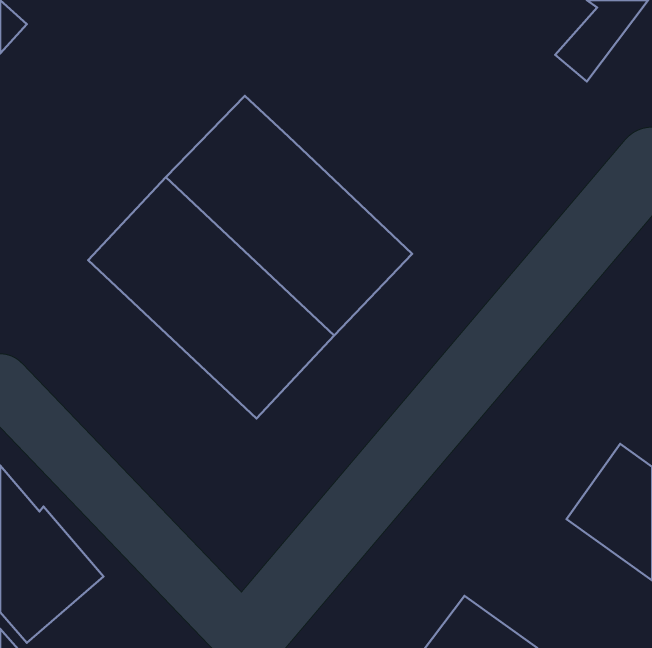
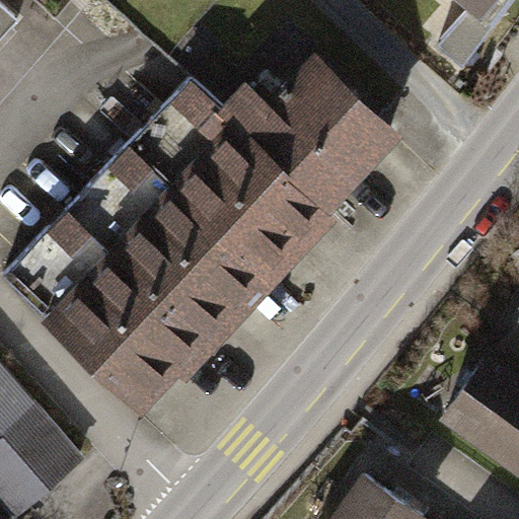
building: none -> [229,62,394,205]
building: none -> [8,210,204,401]

